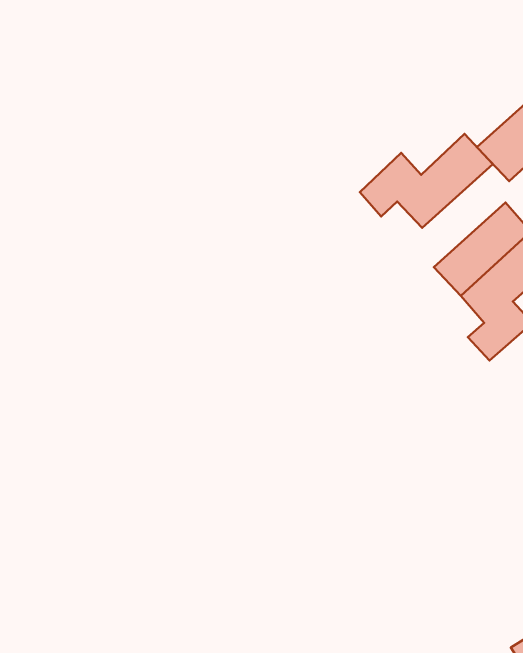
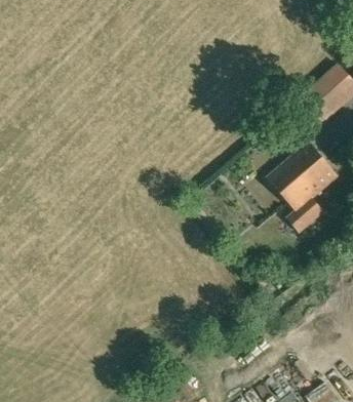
building: [360,134,493,228] -> none

